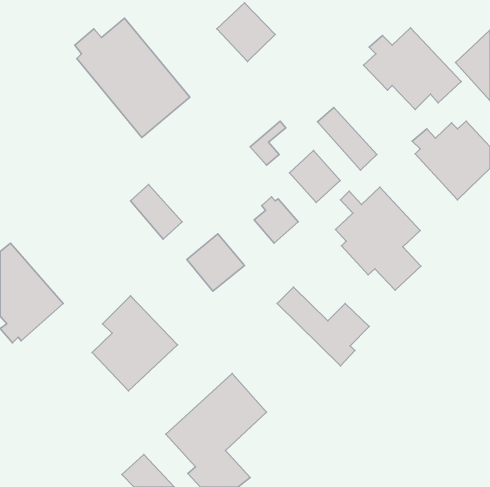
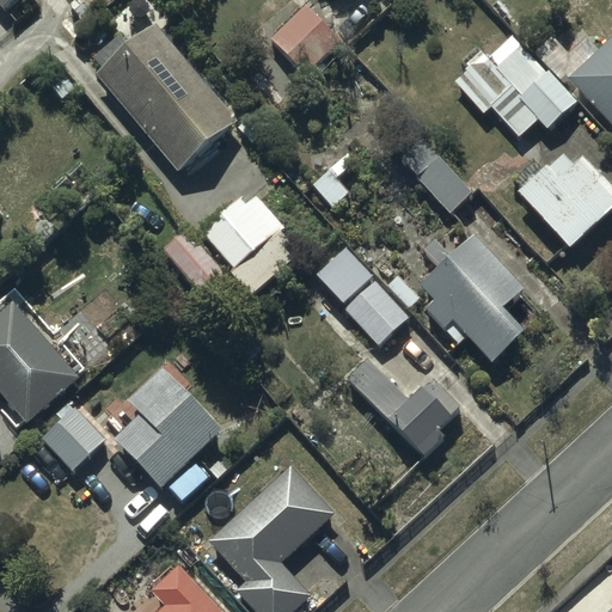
building: [289,151,340,202] -> [345,280,409,344]
building: [187,234,245,291] -> [201,196,273,268]
building: none -> [42,406,105,470]

